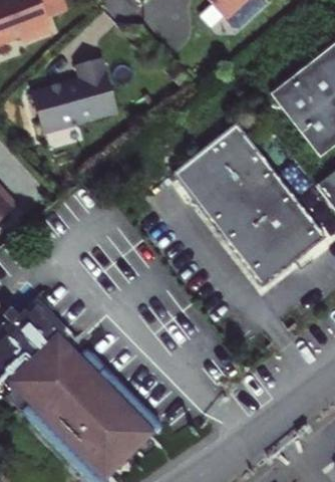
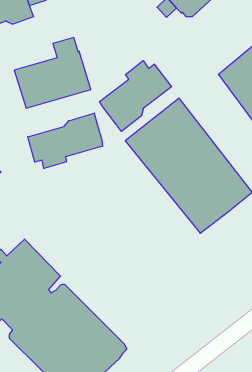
building: none -> [100,61,172,131]
building: none -> [28,113,103,169]

